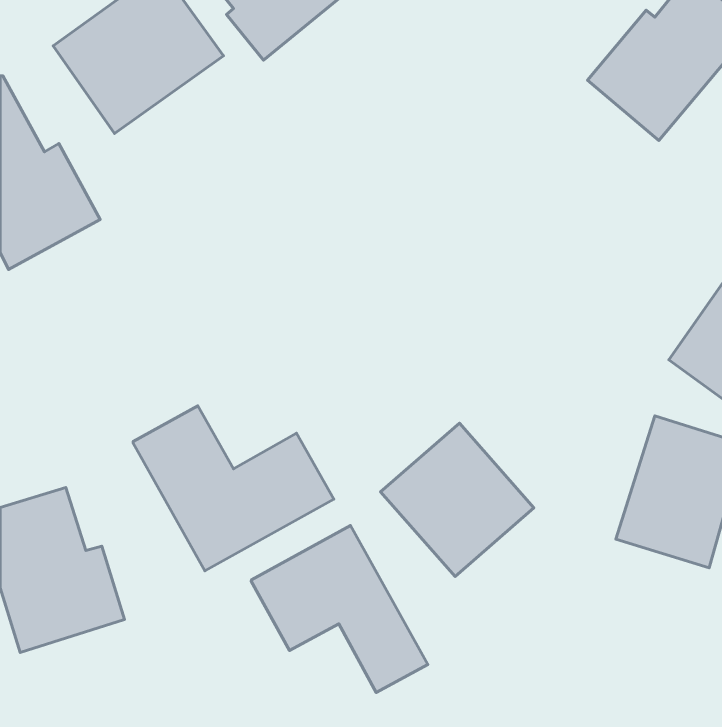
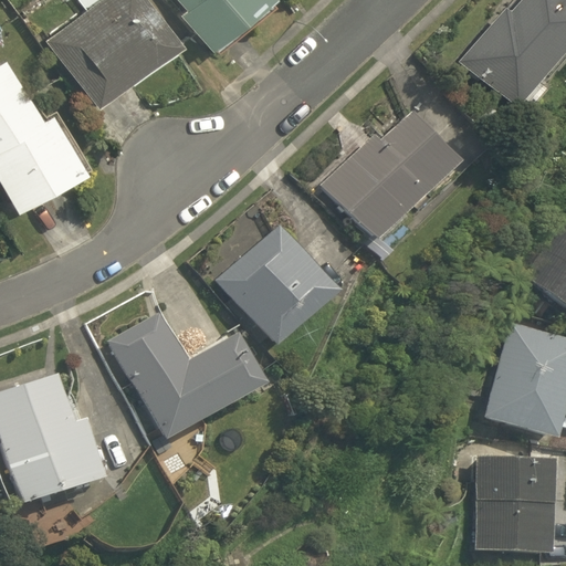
building: none -> [322,112,459,242]
building: [381,423,534,577] -> [219,227,337,345]
building: [251,526,428,692] -> none
building: none -> [473,453,553,553]

